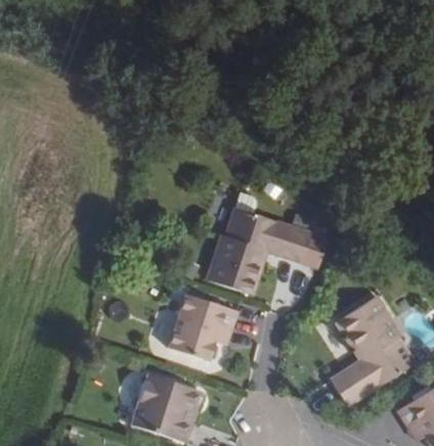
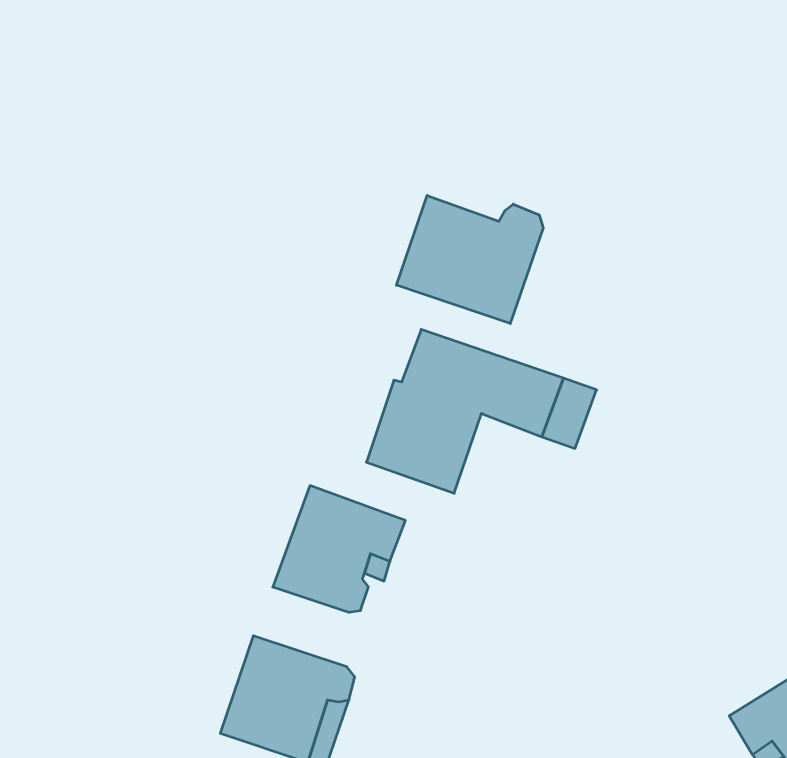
building: none -> [396,195,543,324]
building: [330,297,415,405] -> none

